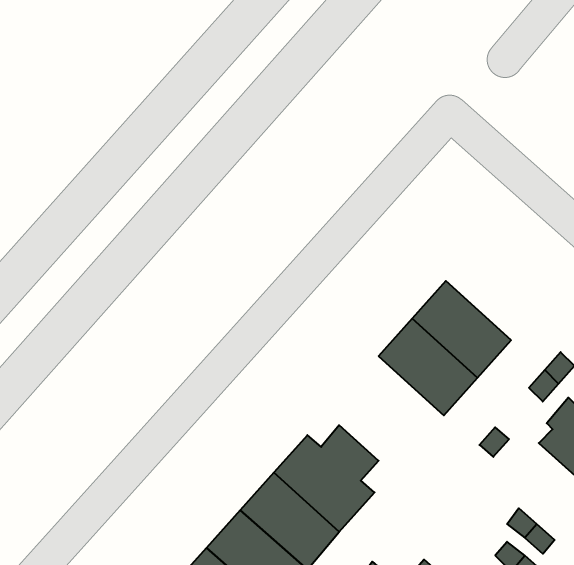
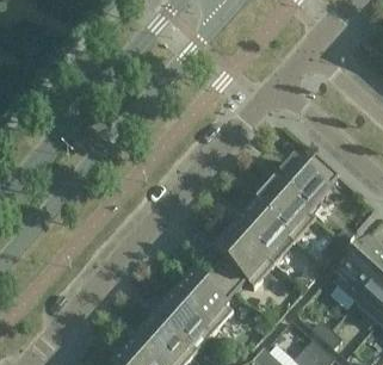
building: none -> [276,153,339,218]
building: none -> [211,228,274,291]

